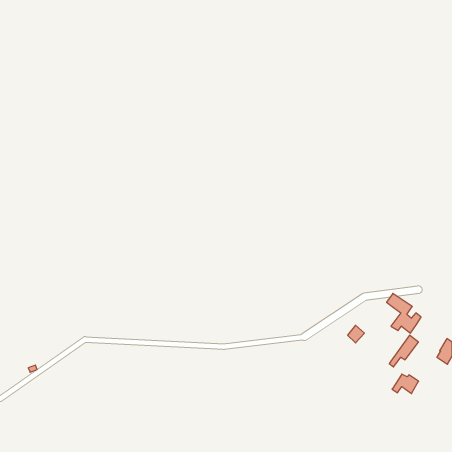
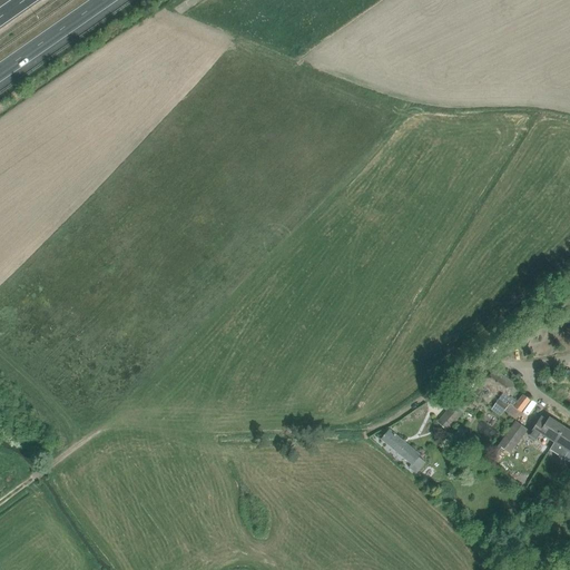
building: none -> [382,429,425,473]
building: [392,374,419,394] -> [529,416,562,441]

